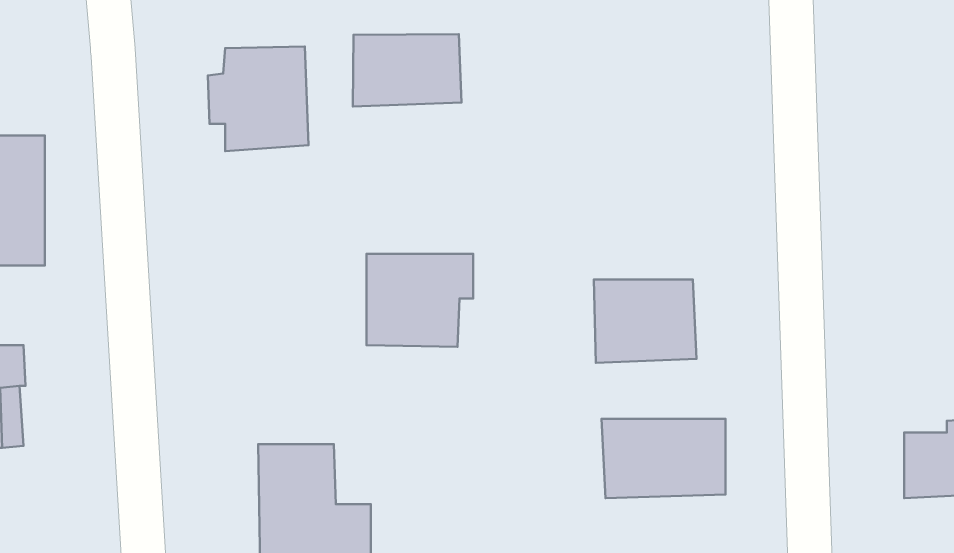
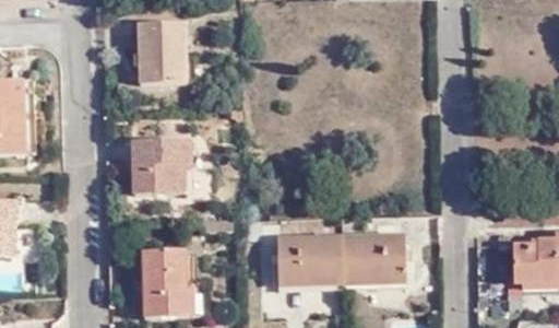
building: [353,34,462,107] -> none
building: [366,254,473,347] -> [133,140,193,192]
building: [594,279,697,363] -> [284,237,342,284]

